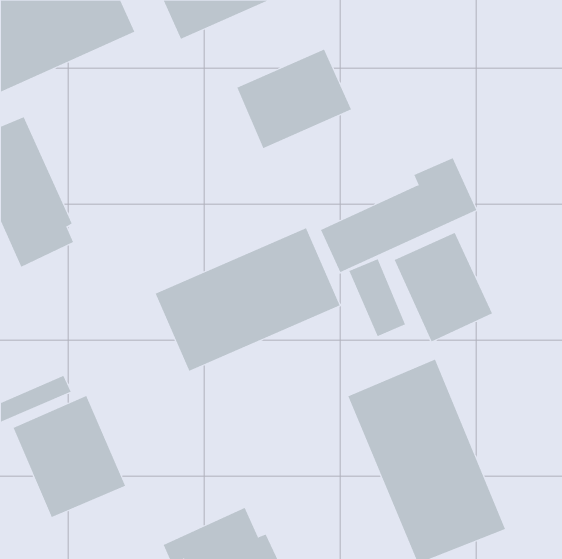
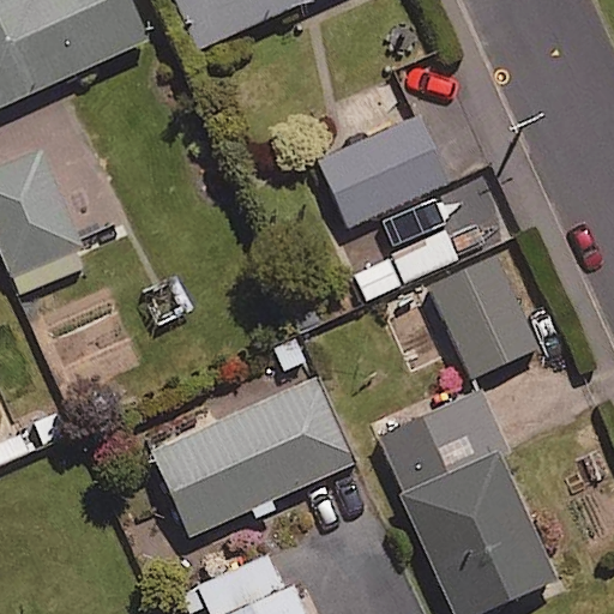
building: [236,49,352,149] -> [319,119,445,228]
building: [155,227,341,372] -> [152,377,355,534]
building: [13,395,126,518] -> none

